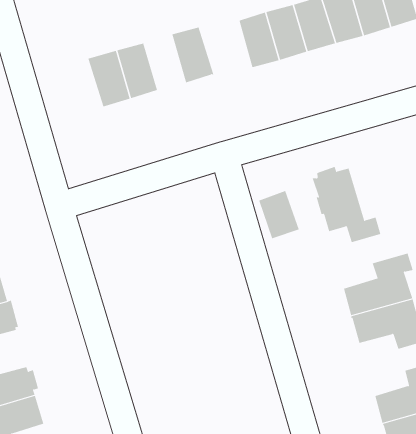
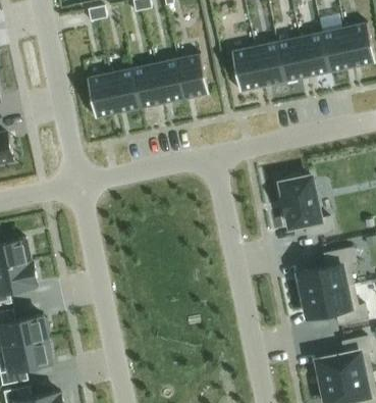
building: none -> [154,59,184,103]
building: none -> [86,73,117,118]
building: [258,190,299,239] -> none

